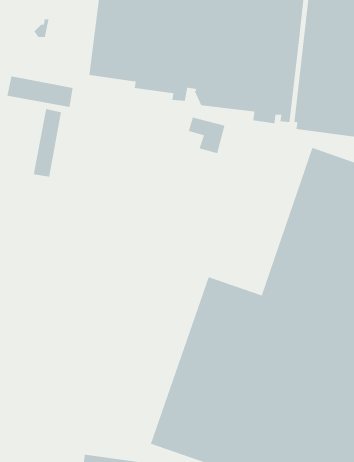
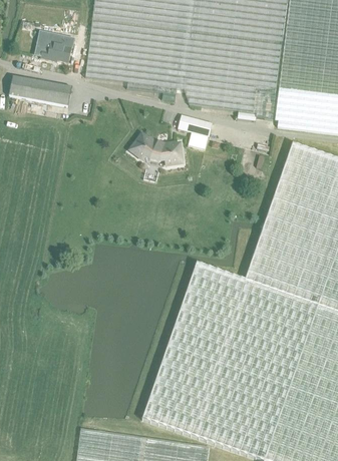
building: none -> [40,37,73,63]
building: [33,108,62,177] -> none
building: none -> [129,133,183,165]

